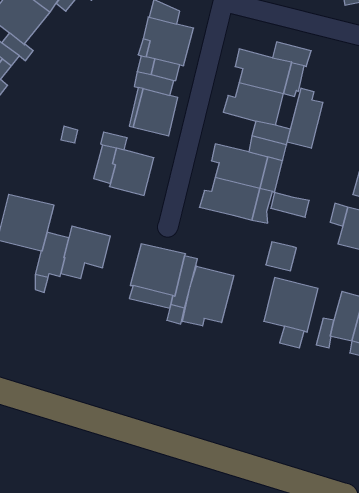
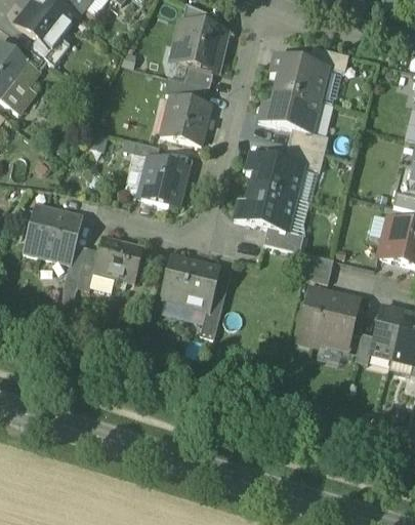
building: [287,88,323,148] -> none
building: [271,192,309,217] -> [264,225,304,250]
building: [182,266,234,326] -> none

